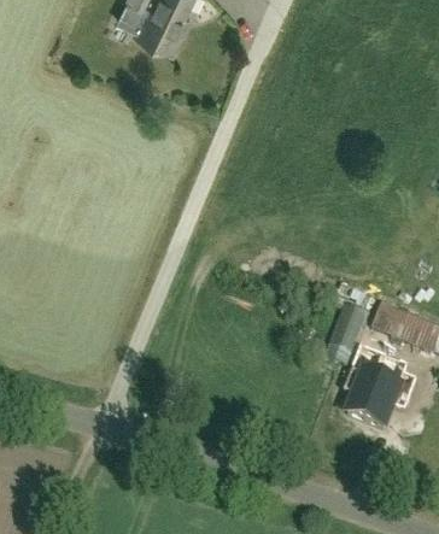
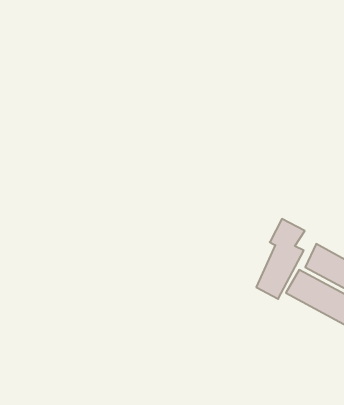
building: [349,370,400,426] -> none

